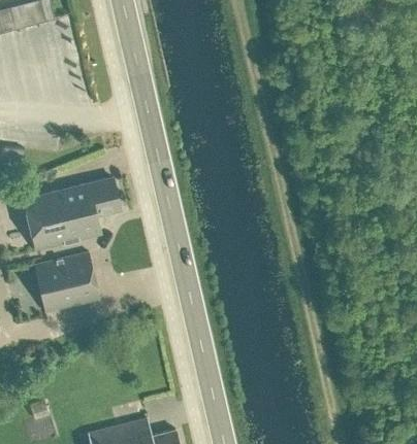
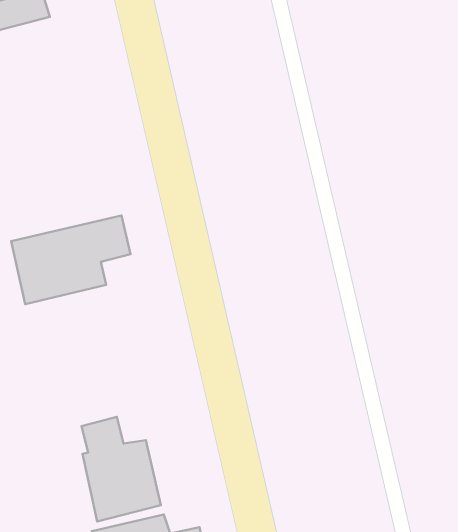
building: [33,251,98,310] -> none
building: none -> [82,417,161,522]

